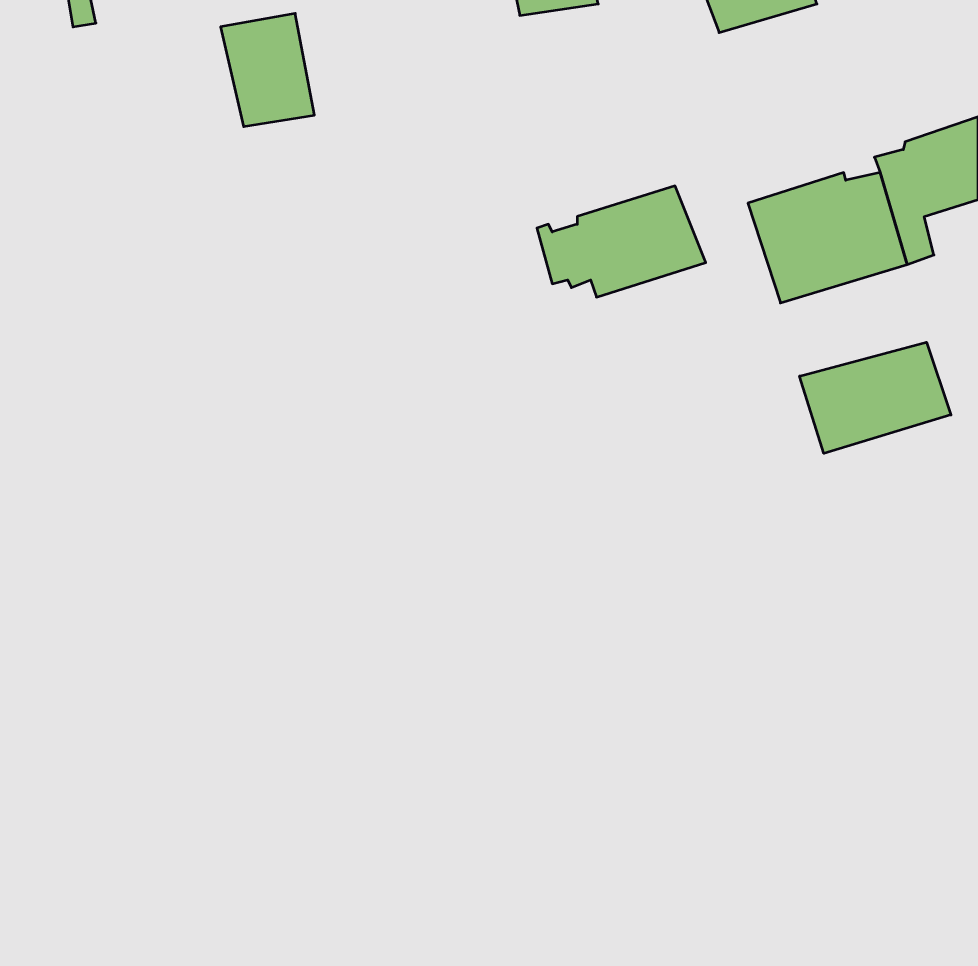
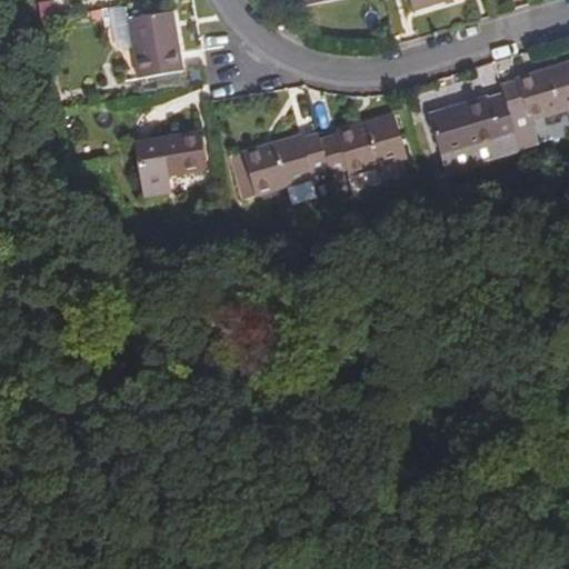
building: none -> [133,126,202,191]
building: none -> [242,130,320,193]
building: [800,342,951,453] -> none

